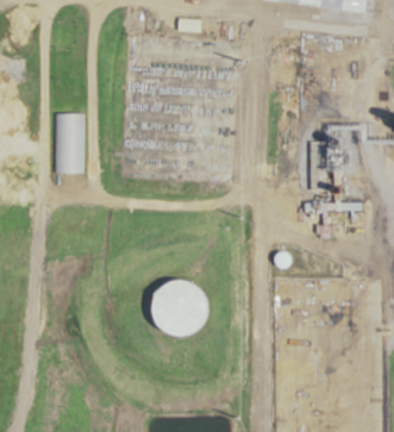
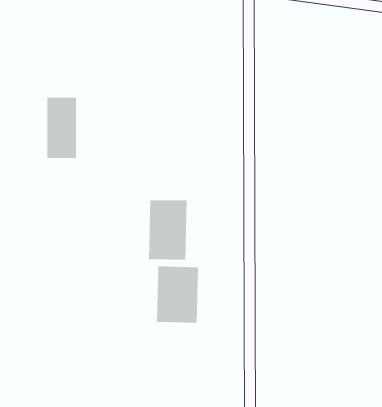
building: none -> [149,200,187,260]

